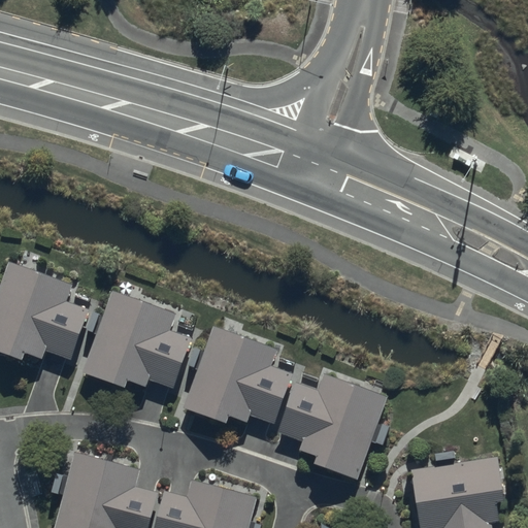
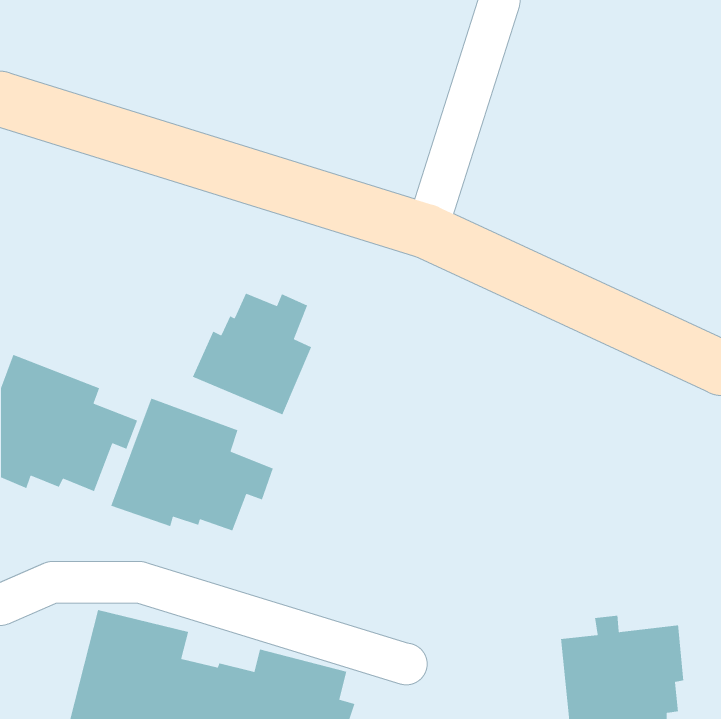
building: none -> [192,292,312,415]
building: [185,326,390,481] -> none

